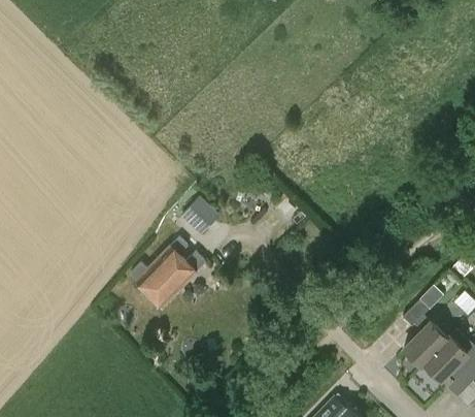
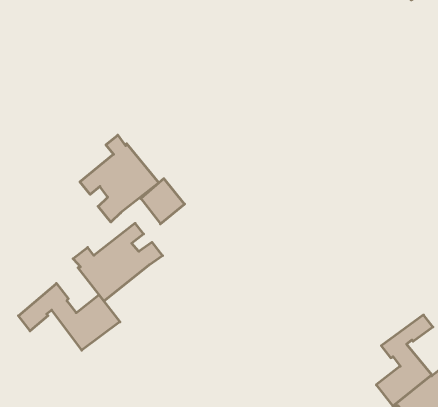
building: none -> [80,135,159,222]
building: none -> [18,283,120,350]

